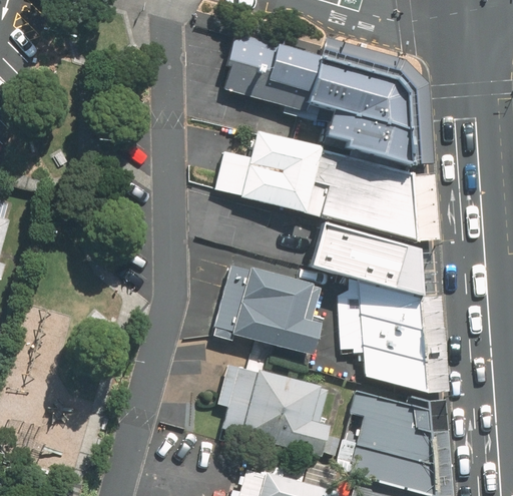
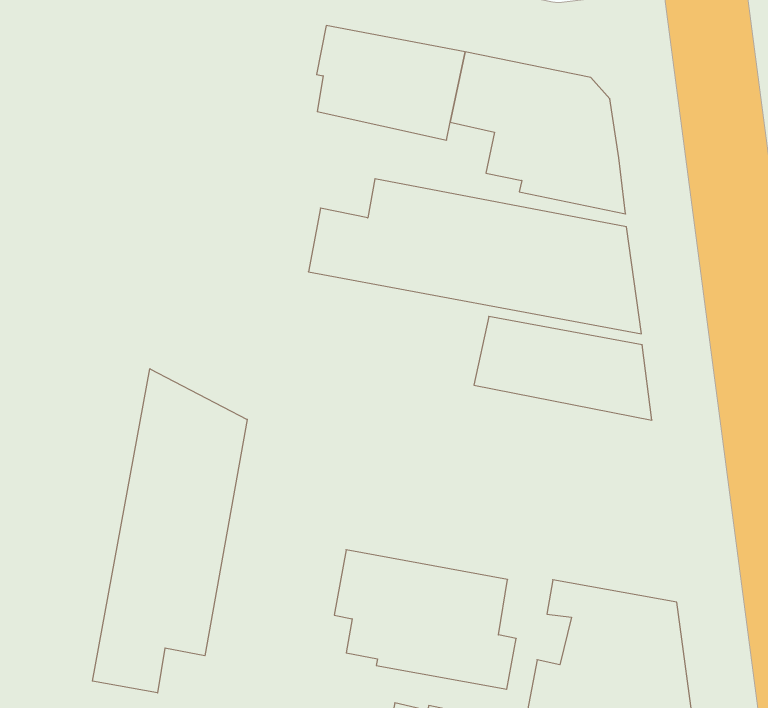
building: none -> [92,369,247,693]
building: [216,265,323,354] -> none
building: [338,282,430,393] -> none

